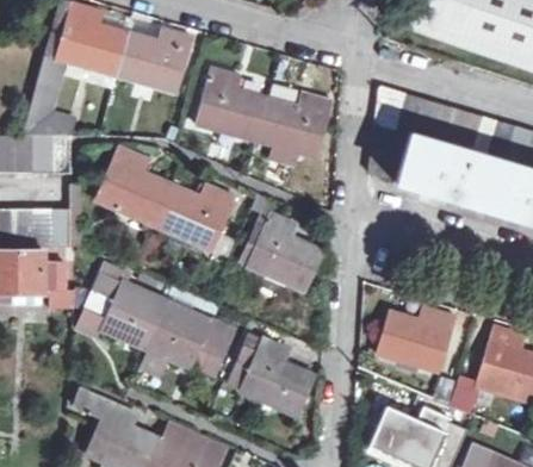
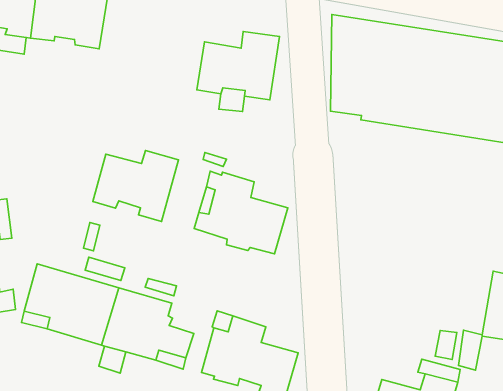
building: [197,69,268,139] -> none
building: [97,148,171,224] -> none
building: [376,310,454,372] -> none

